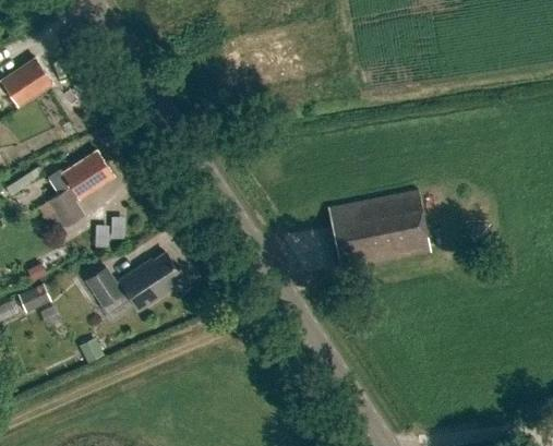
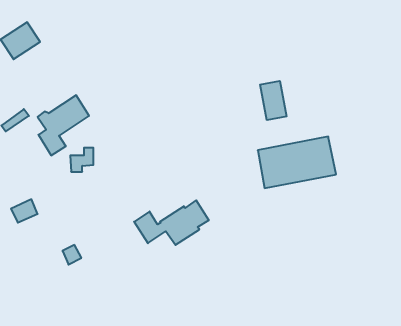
building: none -> [260,81,287,120]
building: [87,252,182,309] -> [134,200,209,245]

